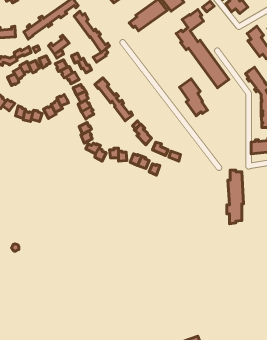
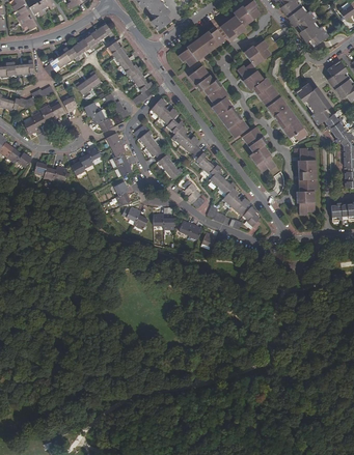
building: none -> [188,64,248,137]
building: none -> [296,82,330,123]
building: none -> [152,97,261,228]
building: [227,170,243,224] -> [296,147,317,215]

